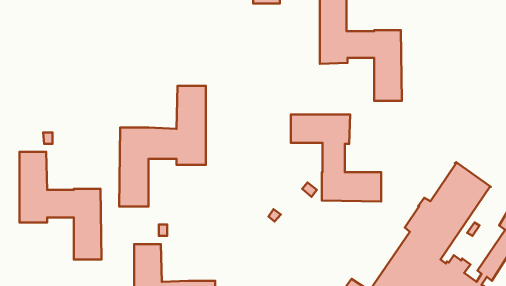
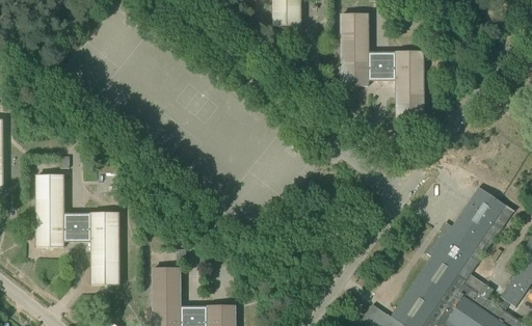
building: [119,86,206,206] -> none
building: [291,114,381,202] -> none

